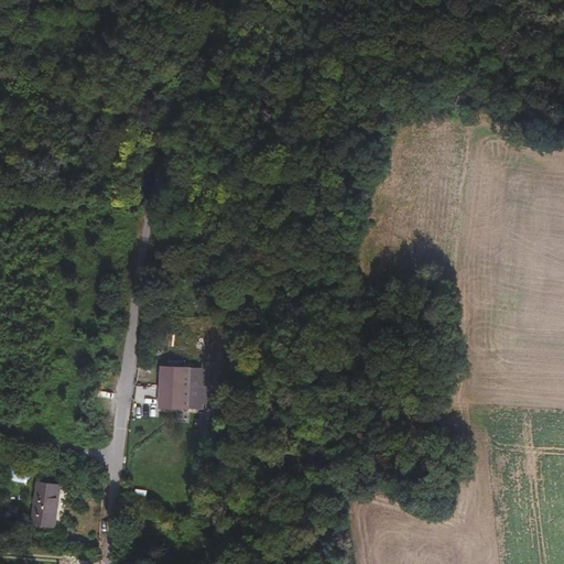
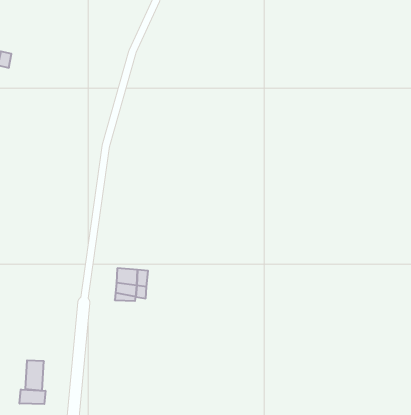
building: none -> [20,389,45,404]

